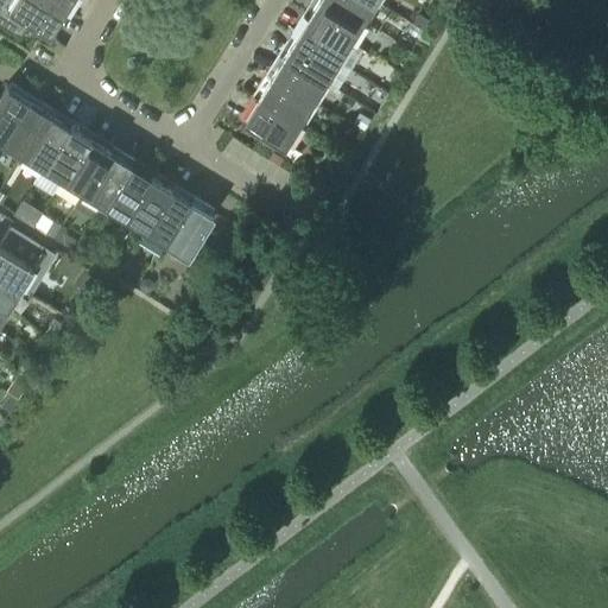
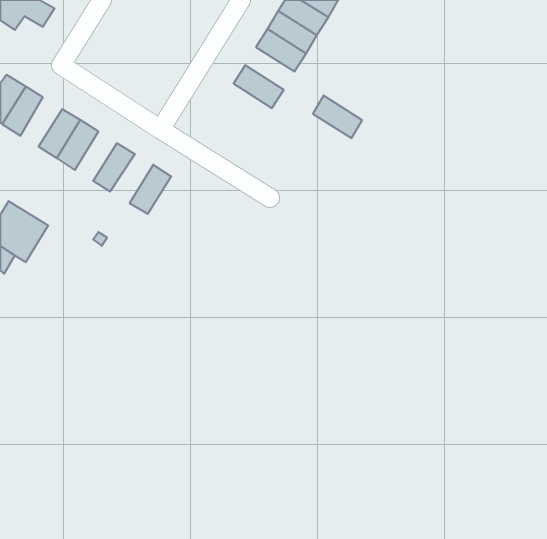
building: [272,61,327,108] -> [313,95,362,138]
building: [246,101,302,150] -> none
building: [23,116,69,171] -> none
building: [83,154,129,209] -> none
building: [122,179,170,234] -> none
building: [164,204,211,260] -> none

